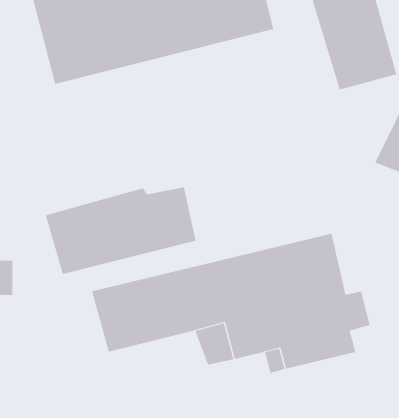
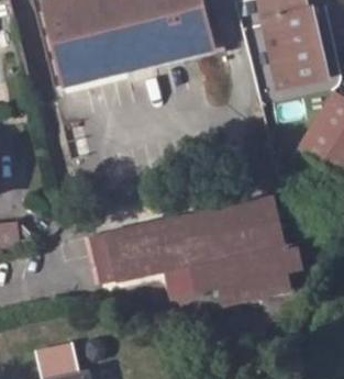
building: [45,187,196,275] -> none

